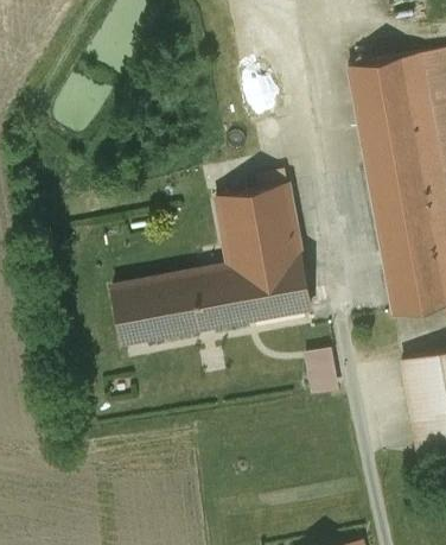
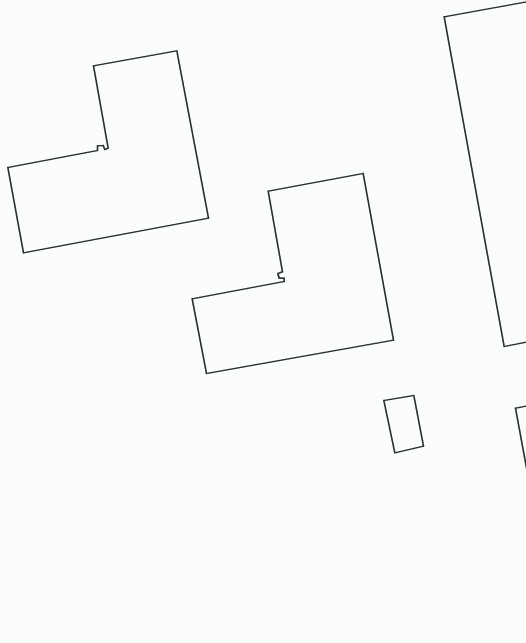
building: none -> [8,51,209,253]
building: [113,279,171,344] -> none

